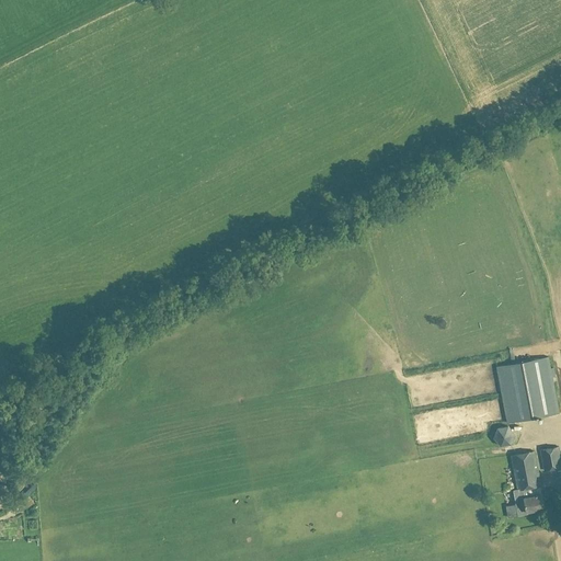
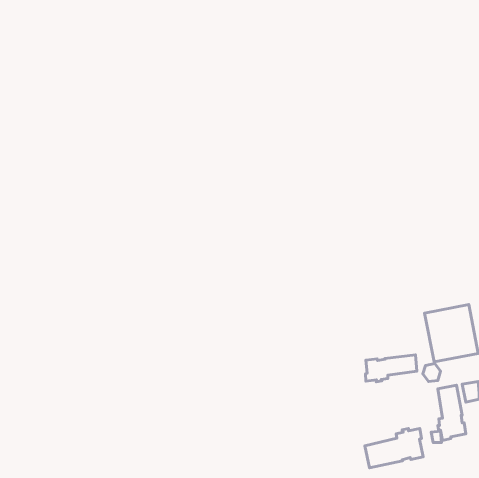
building: none -> [365,355,417,382]
building: none -> [365,428,423,468]

